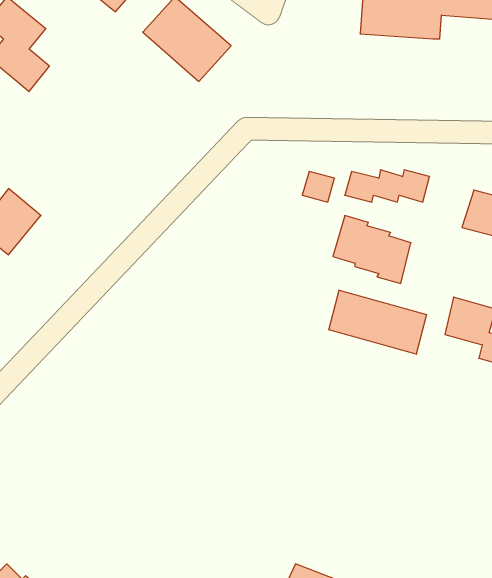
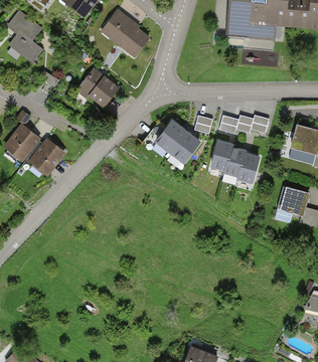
building: none -> [75,68,118,110]
building: none -> [157,119,199,159]
building: none -> [25,137,65,177]
building: [329,290,427,354] -> none

